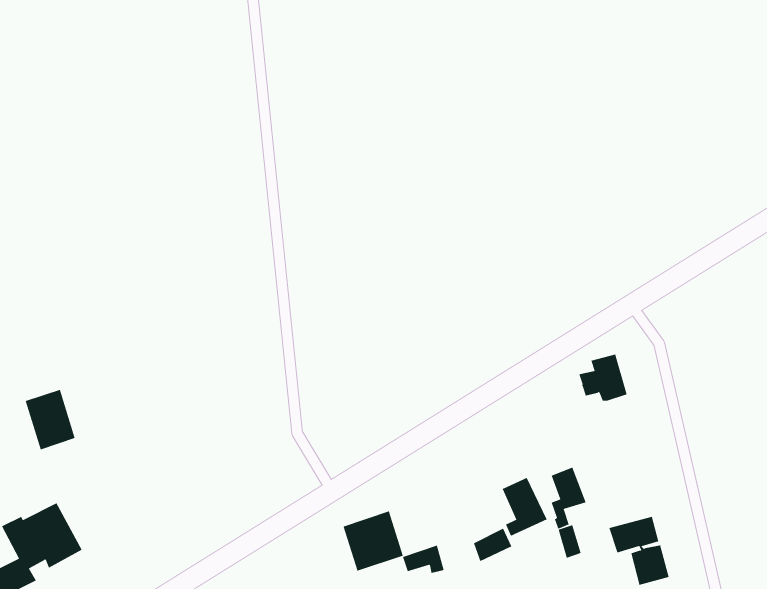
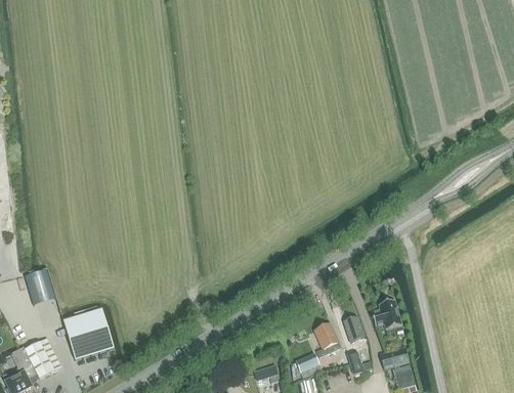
building: [579,354,628,401] -> [371,300,400,329]
building: none -> [62,309,113,359]
building: [343,511,404,572] -> none

